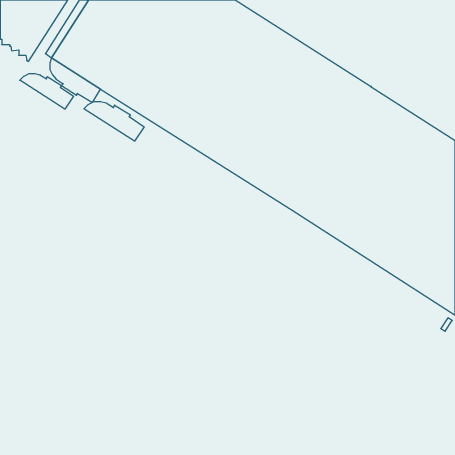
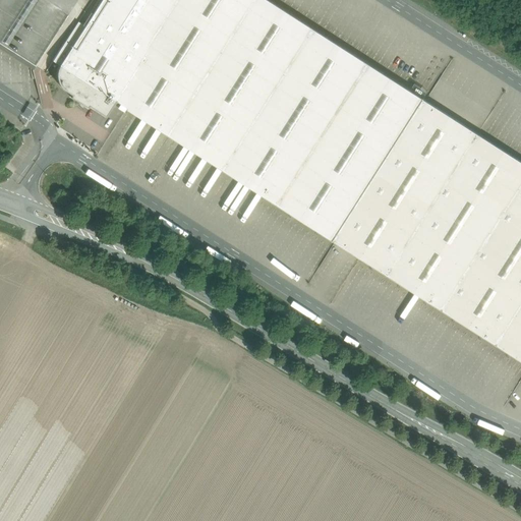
building: [20,74,74,109] -> none
building: [84,102,144,141] -> none

